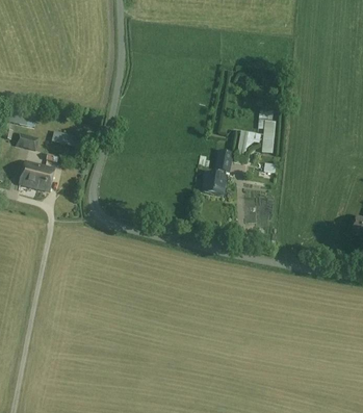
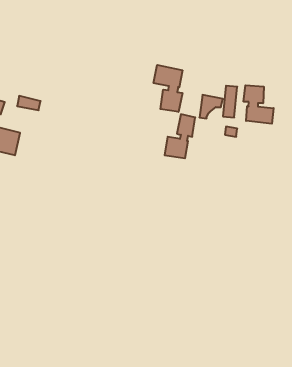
building: none -> [154,65,182,112]
building: none -> [244,85,274,124]

